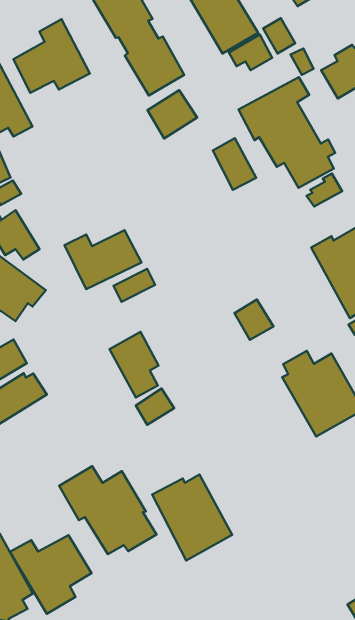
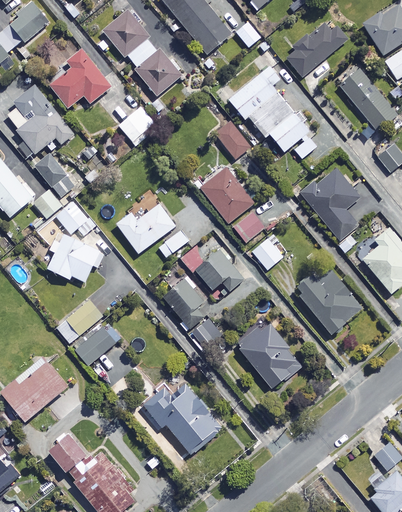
building: [229,35,272,70] -> none
building: [148,90,197,138] -> [120,108,158,146]
building: none -> [199,165,253,221]
building: none -> [232,210,264,241]
building: none -> [181,244,242,289]
building: [152,475,232,560] -> [236,321,301,387]
building: [10,535,91,614] -> none

